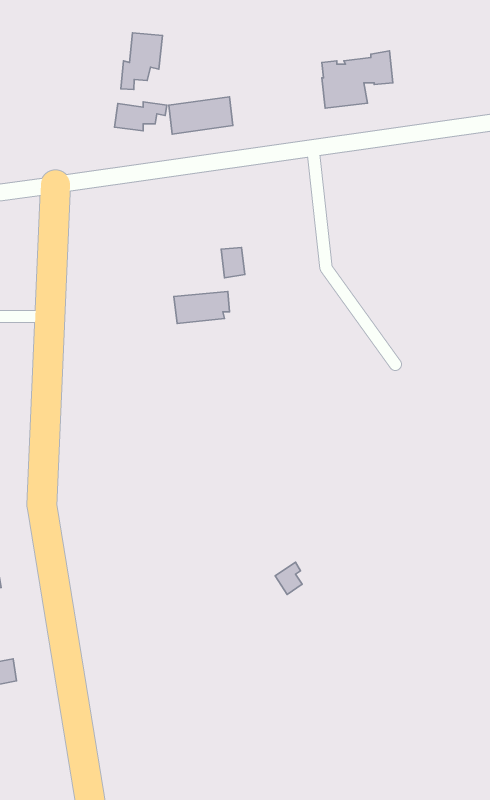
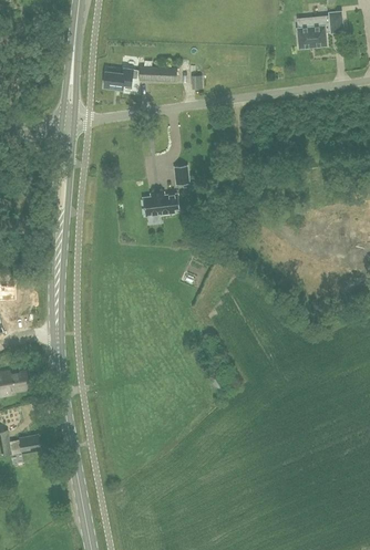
building: [121,33,163,90] -> none
building: [322,51,393,108] -> [296,10,342,48]

